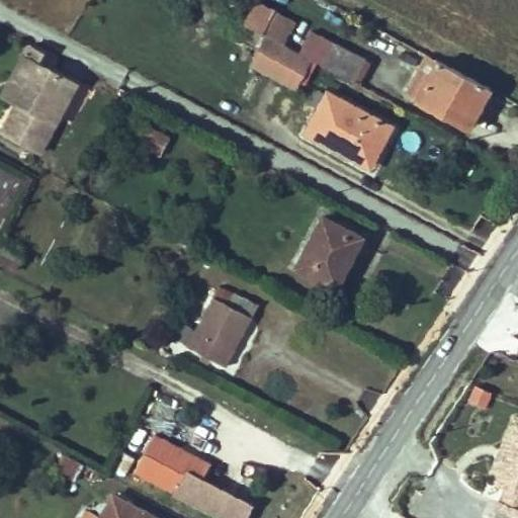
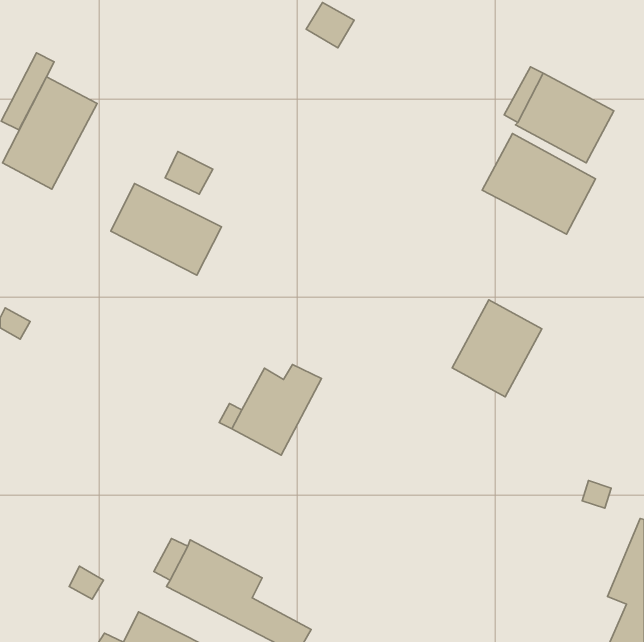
building: [311,37,372,87] -> none
building: [252,38,309,87] -> none
building: [303,90,394,171] -> [482,133,596,234]
building: none -> [111,183,221,275]
building: [293,214,365,292] -> [452,300,542,397]

